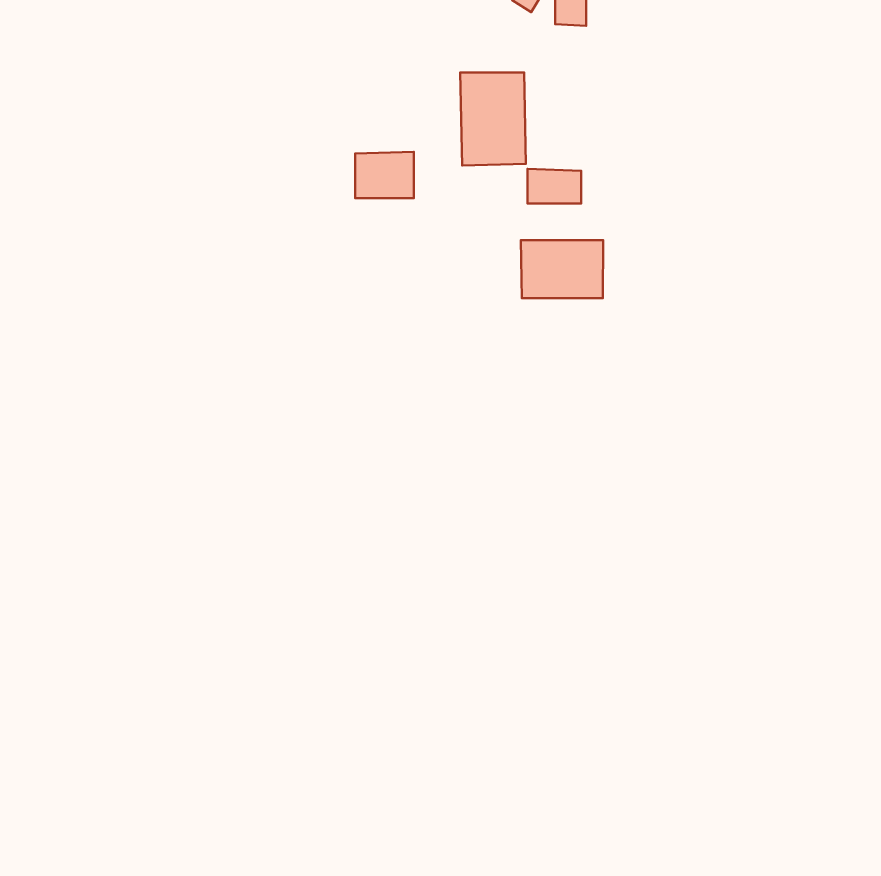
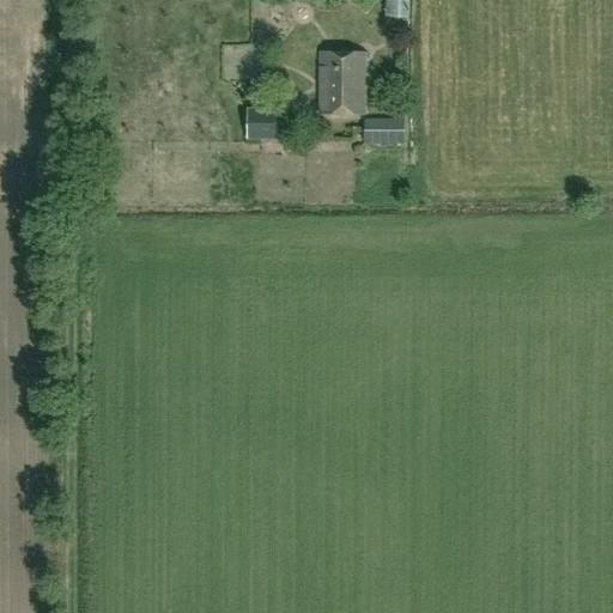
building: [521,240,603,298] -> none

